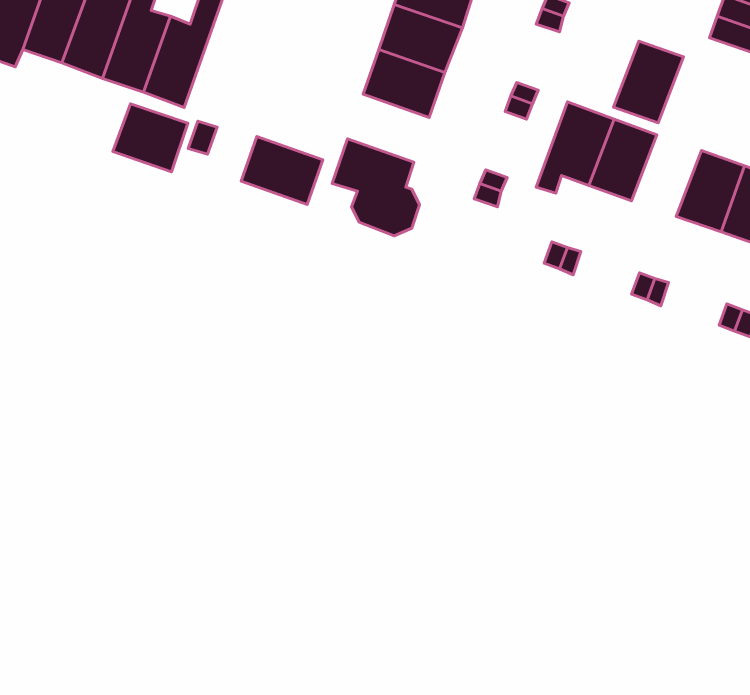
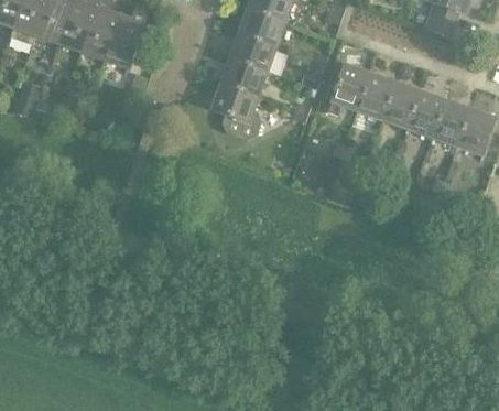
building: [613,41,683,123] -> [381,82,421,128]
building: [113,104,188,172] -> none
building: [241,137,323,205] -> [220,58,267,97]

